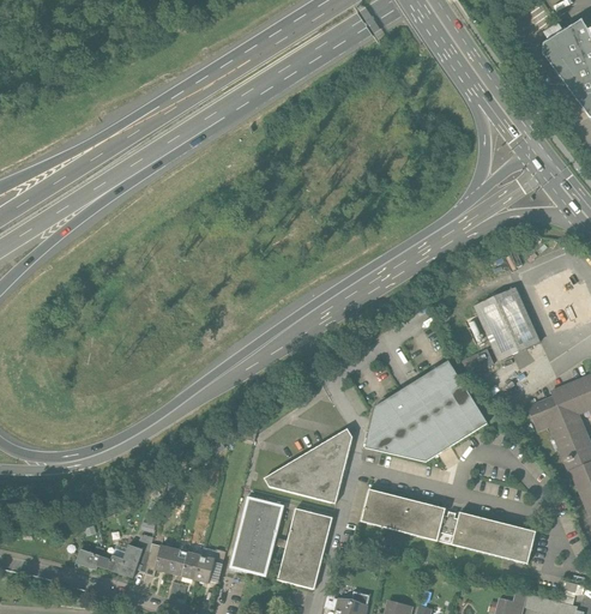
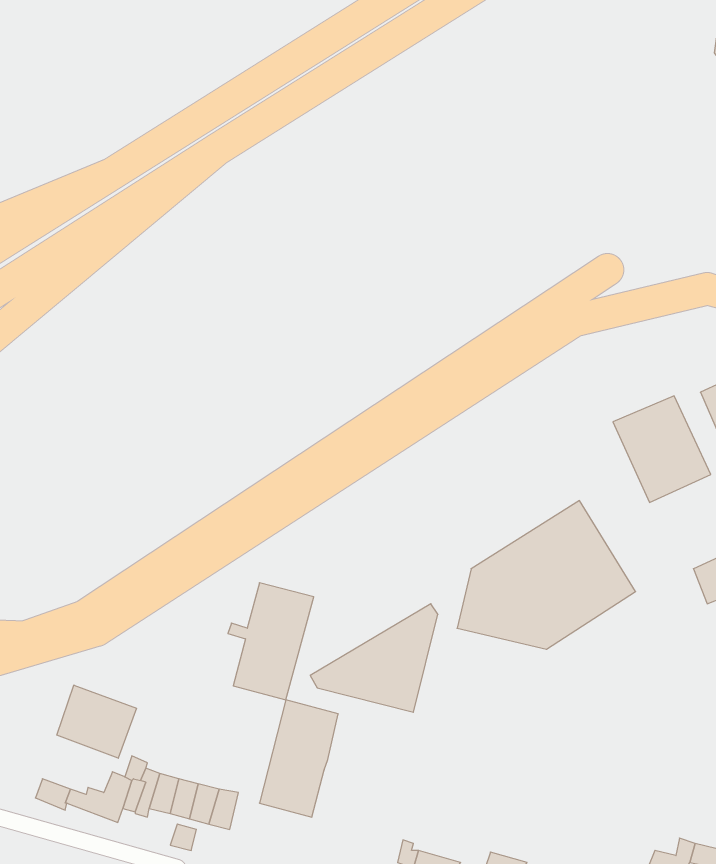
building: none -> [57,685,137,758]
building: [362,489,537,564] -> none
building: [275,508,333,589] -> [228,583,314,700]

